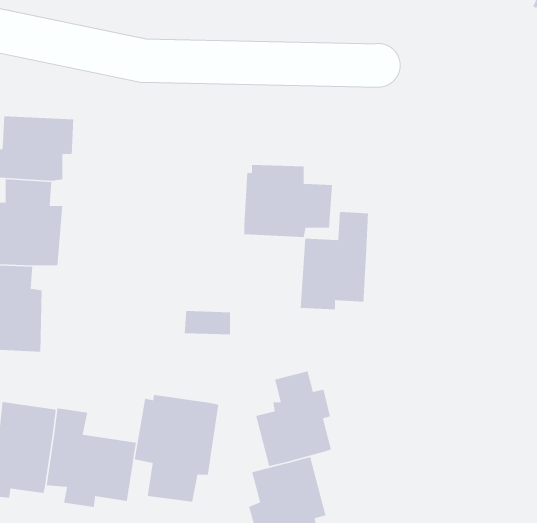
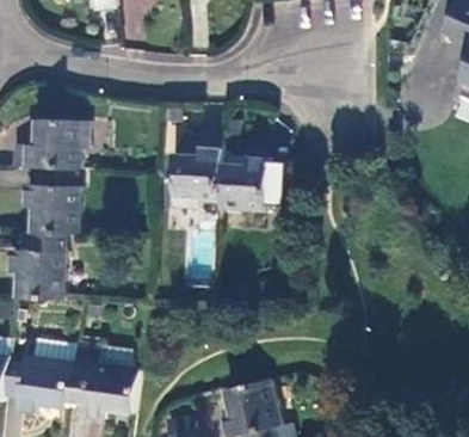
building: [300,211,369,310] -> [172,133,224,208]
building: [255,371,332,467] -> none
building: [134,394,219,502] -> none

